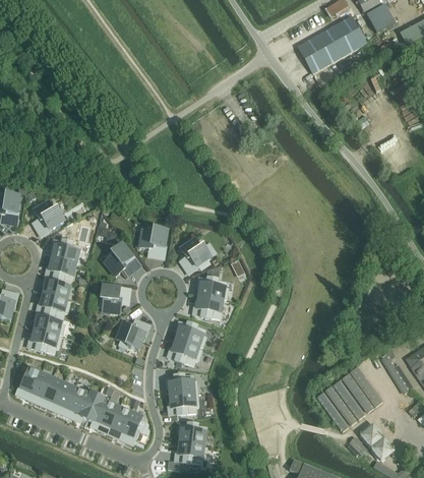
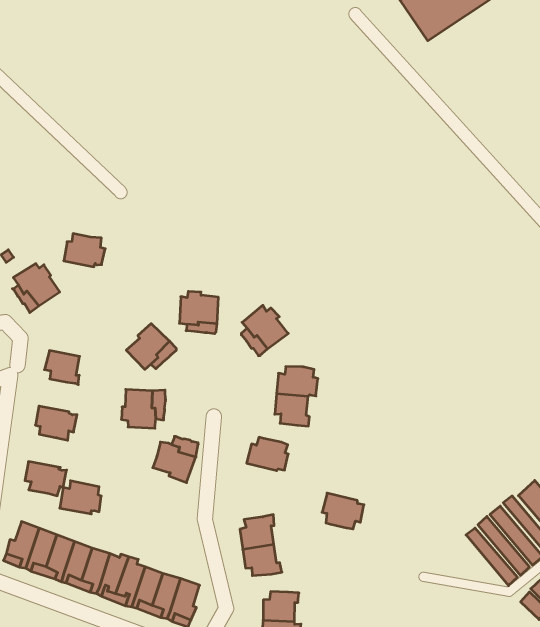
building: [54,241,81,263] -> [64,234,105,267]
building: [45,277,71,299] -> none
building: [36,312,63,335] -> [60,481,101,514]
building: [173,340,200,364] -> [322,493,364,529]

